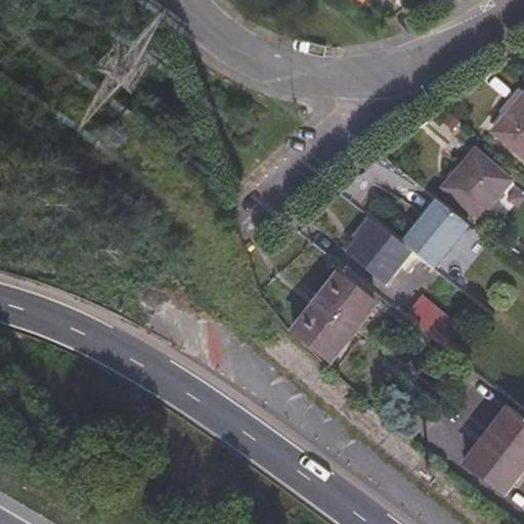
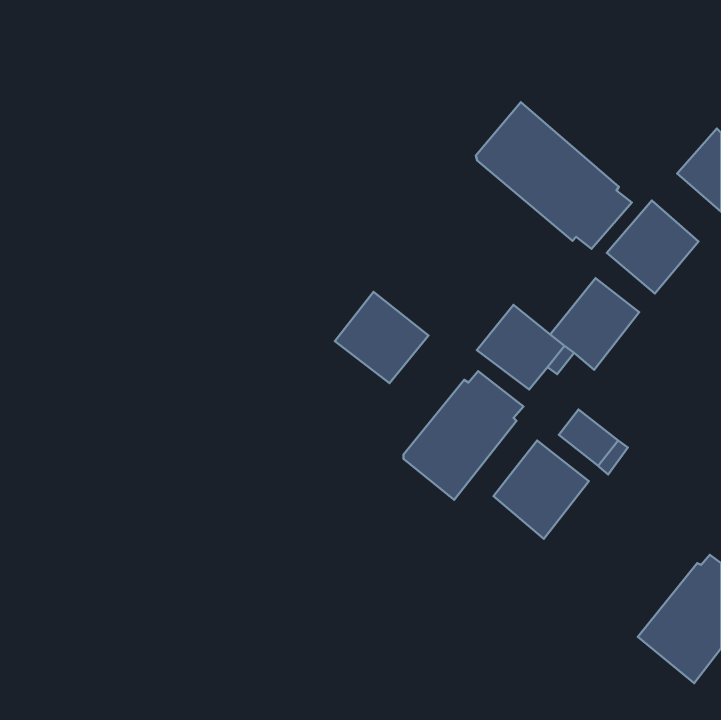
building: none -> [476,102,632,249]
building: none -> [335,292,428,383]
building: none -> [494,440,589,539]

